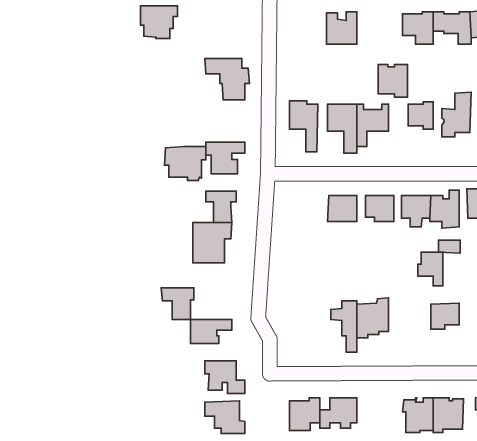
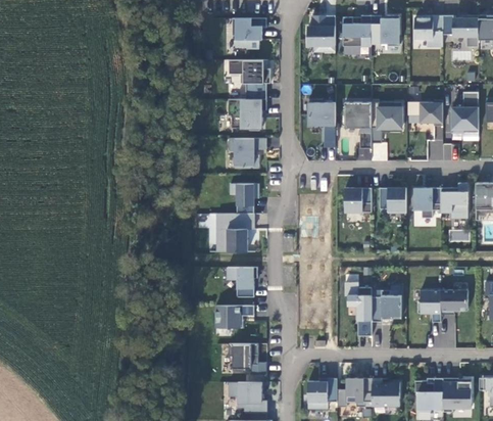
building: [141,6,177,38] -> [231,17,265,48]
building: none -> [306,15,334,51]
building: [378,65,407,97] -> [371,15,398,46]
building: [165,147,206,180] -> [227,98,265,130]
building: [418,252,443,286] -> [416,290,440,322]
building: [161,288,194,319] -> [226,267,256,296]
building: none -> [371,378,399,406]

